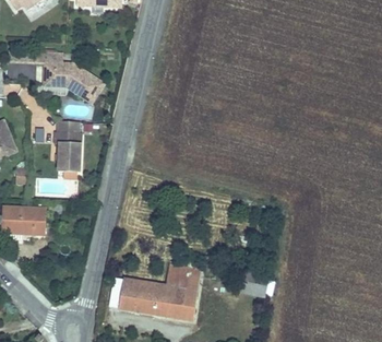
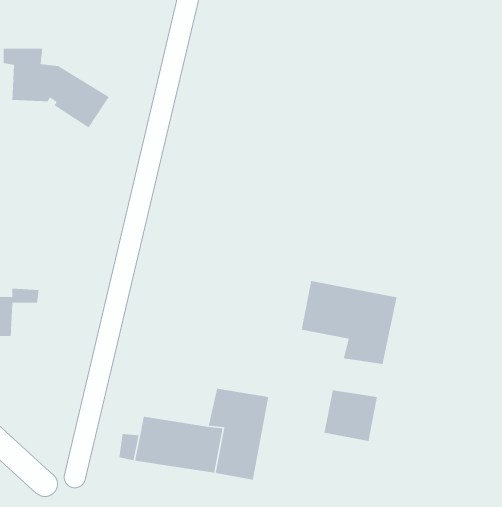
building: [52,130,80,169] -> none
building: none -> [301,280,397,365]

